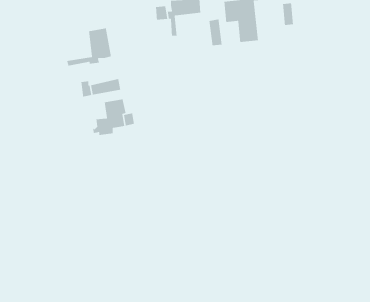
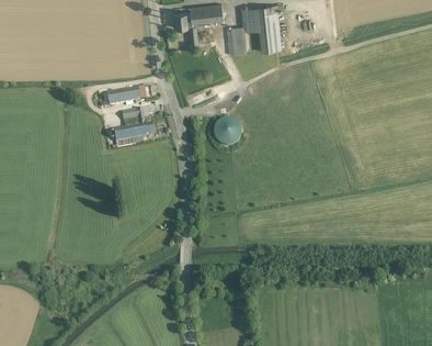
building: [66,27,112,67] -> none
building: none -> [213,118,240,145]

